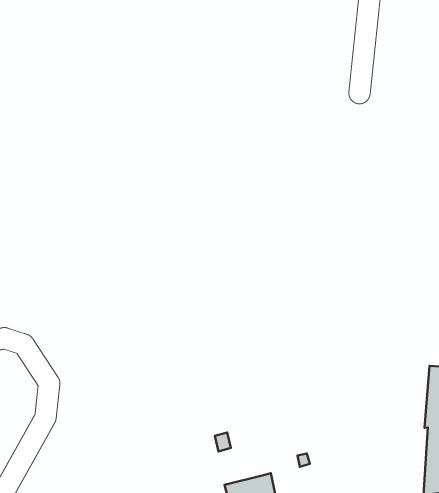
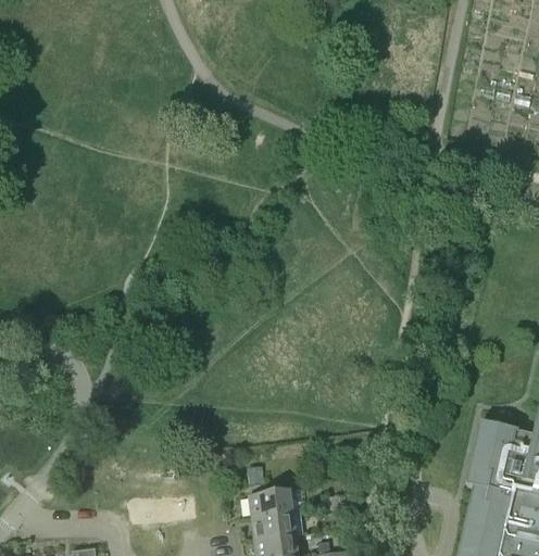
building: none -> [255,494,299,522]

